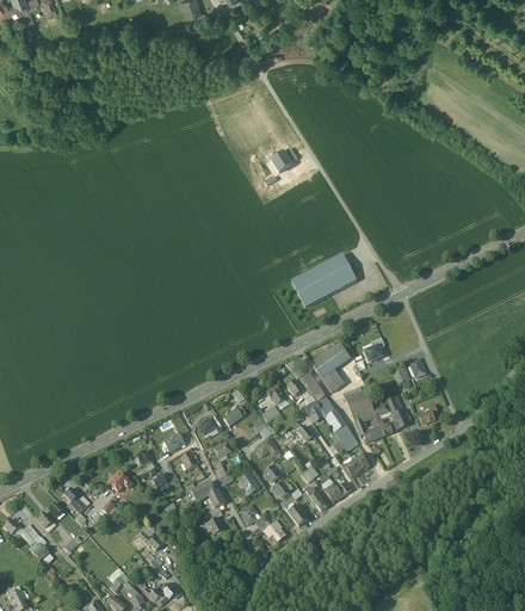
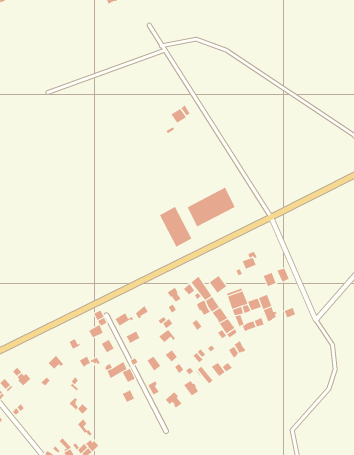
building: none -> [159,206,192,248]
building: [311,342,351,377] -> none

